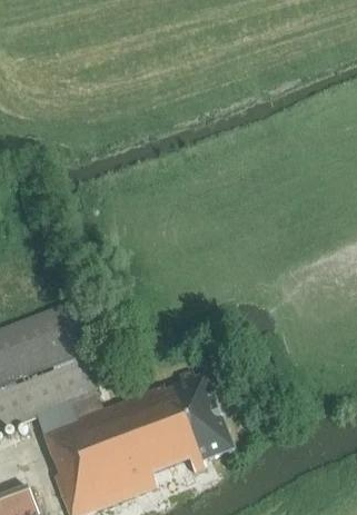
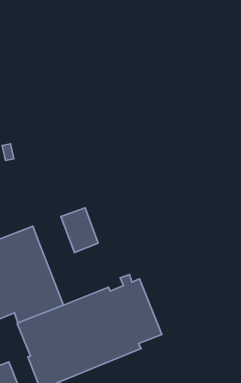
building: none -> [61,208,98,252]

